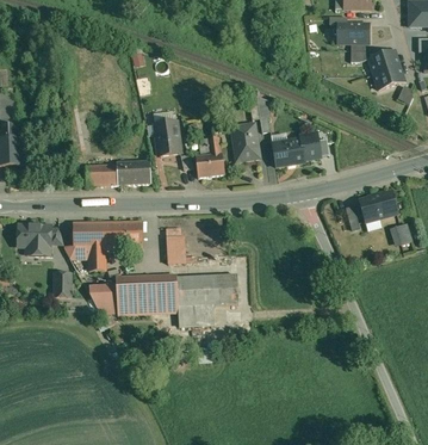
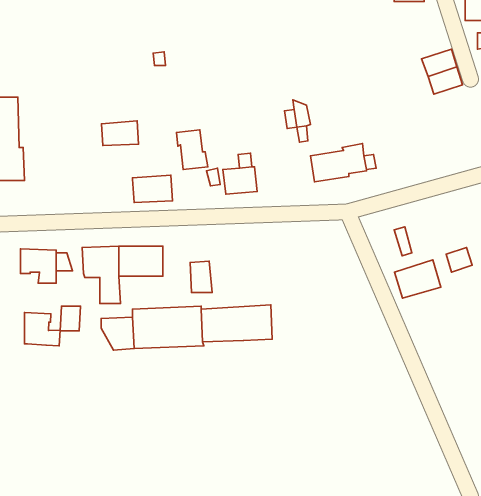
building: [337,24,370,43] -> none
building: [234,124,259,160] -> none
building: [86,163,118,185] -> [102,121,139,146]
building: [360,187,401,221] -> [394,260,441,298]
building: none -> [24,312,60,346]
building: [178,304,215,326] -> none

